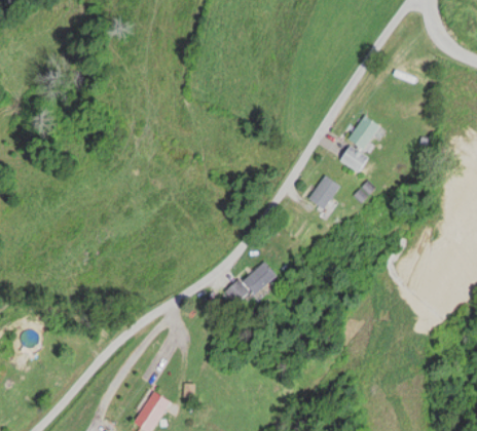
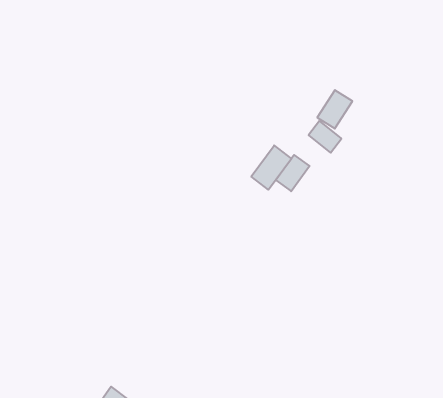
building: none -> [251,145,292,190]
building: [230,262,277,304] -> none

